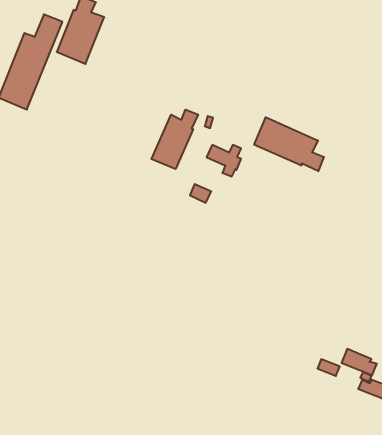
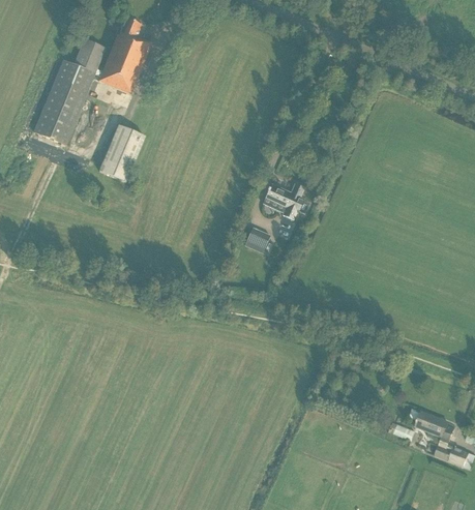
building: none -> [98,125,144,181]
building: [151,110,198,169] -> none
building: [254,117,324,171] -> none

